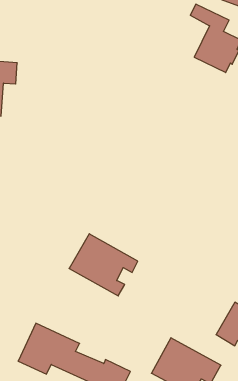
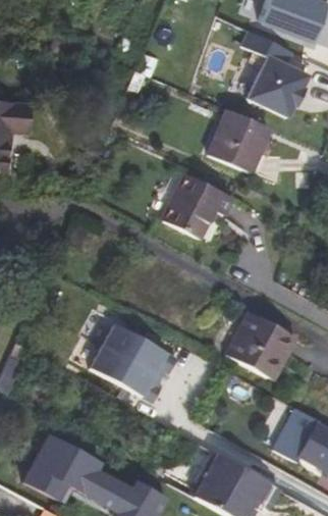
building: none -> [207,108,265,169]
building: none -> [165,173,233,237]
building: none -> [226,313,294,376]

